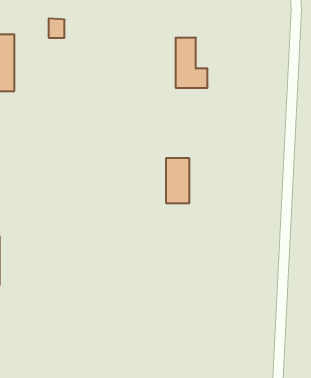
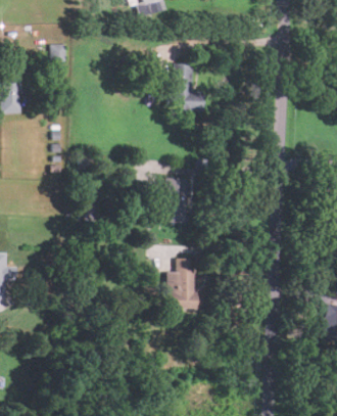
building: none -> [167,258,195,308]

